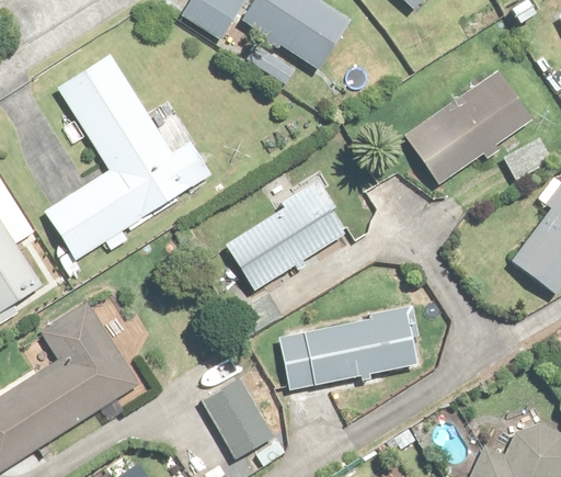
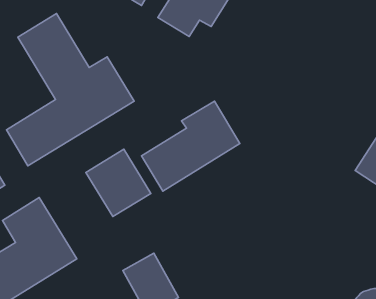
building: [404,70,531,184] -> none
building: none -> [86,149,151,217]
building: [276,310,417,391] -> none

